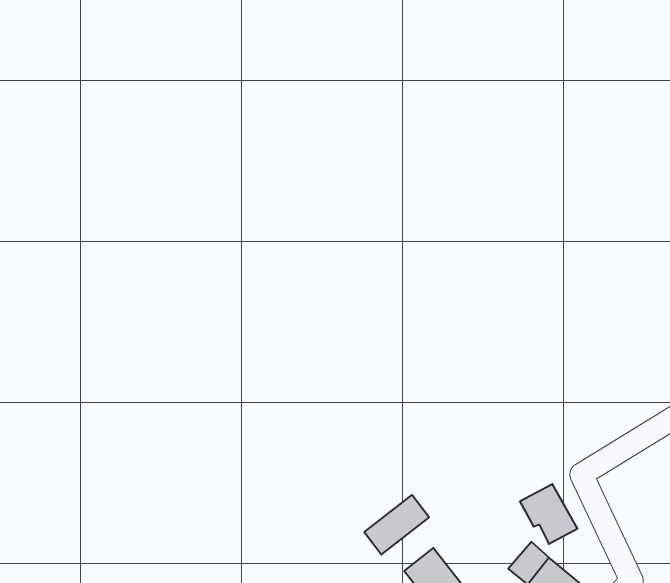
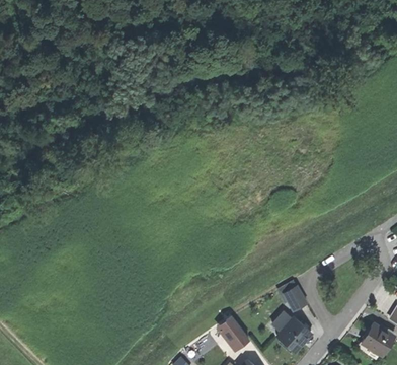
building: [364,495,429,555] -> none

